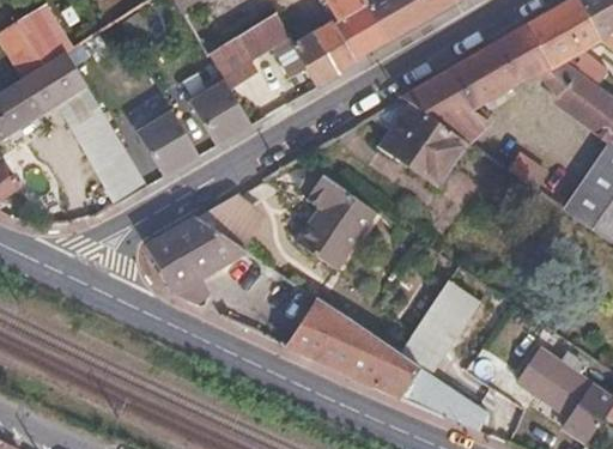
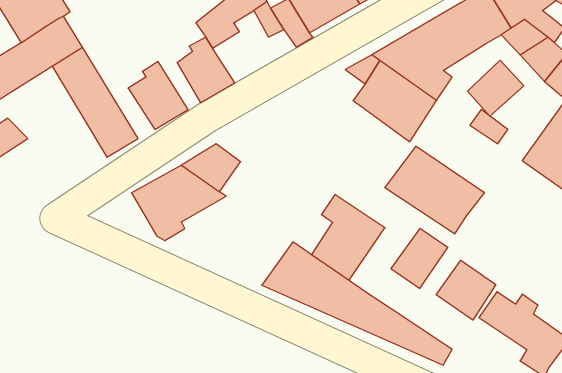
building: none -> [468,60,524,116]
building: [293,172,372,265] -> [311,195,385,280]
building: none -> [385,146,484,234]
building: none -> [436,260,496,320]
building: [401,324,453,375] -> none

